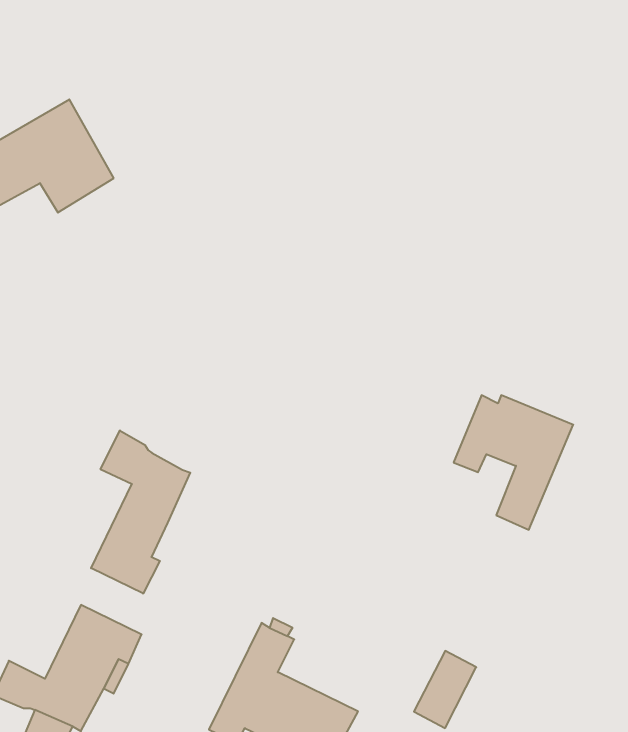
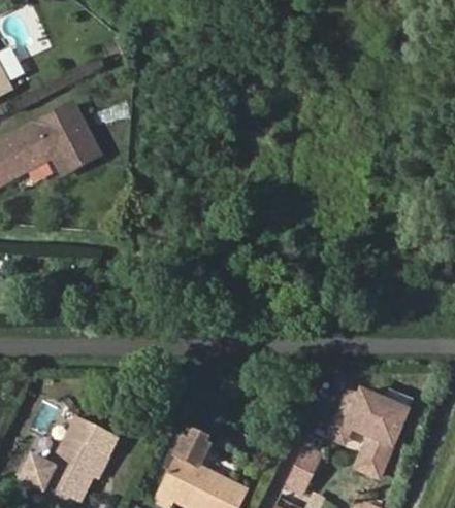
building: [454,395,573,530] -> [331,391,407,475]
building: [91,430,190,594] -> none

